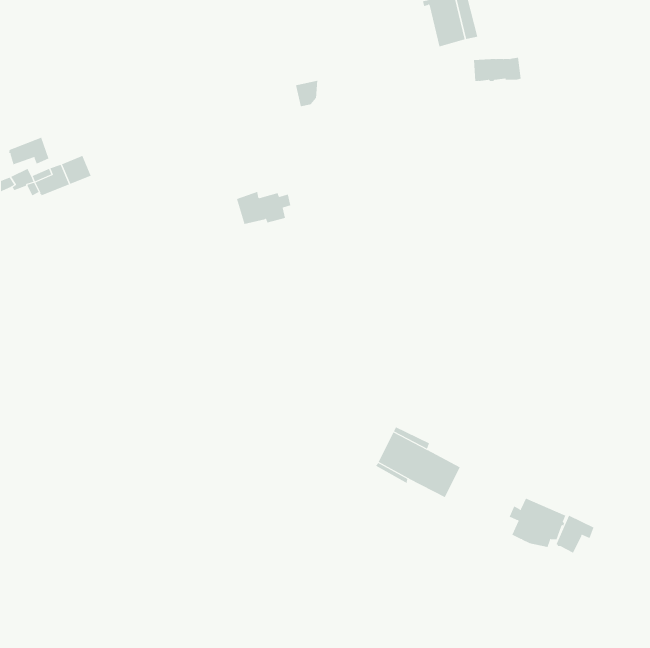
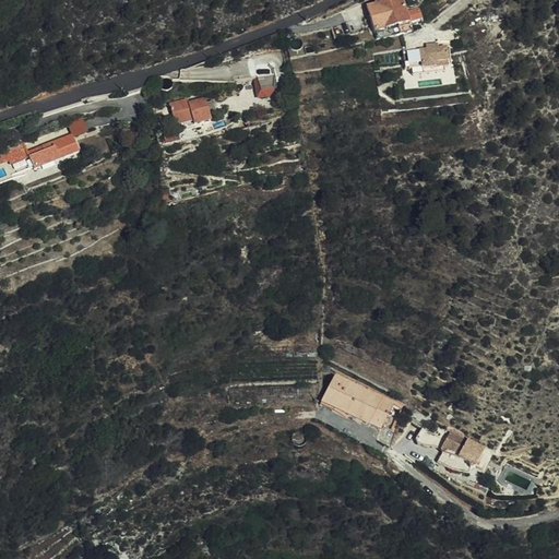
building: [8,137,49,165] -> none
building: [236,191,291,224] -> [168,96,215,124]
building: [556,515,594,554] -> none

